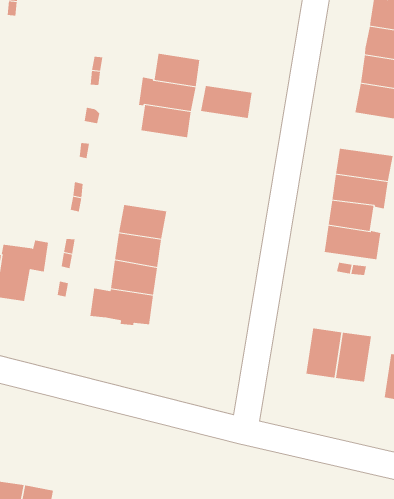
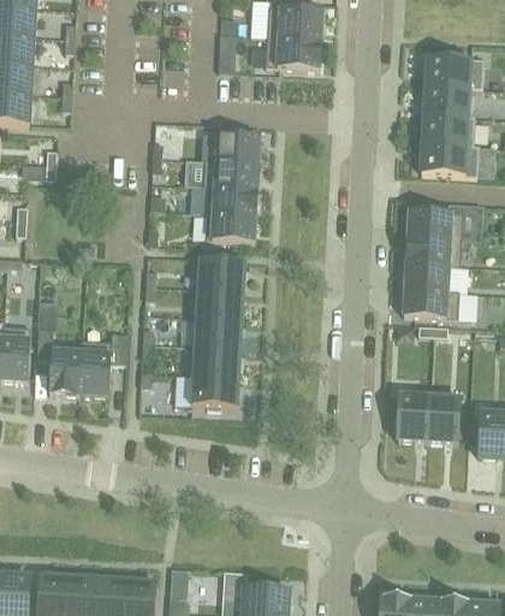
building: [200,85,252,119] -> [204,212,255,241]
building: none -> [197,257,243,290]

